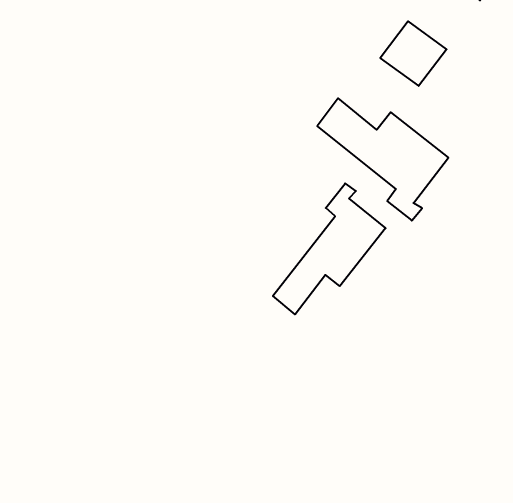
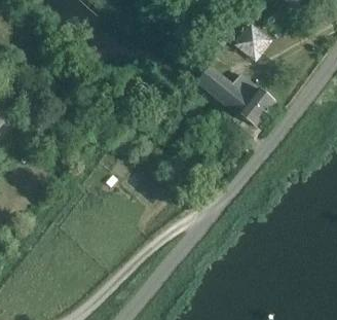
building: [273,183,386,314] -> none

